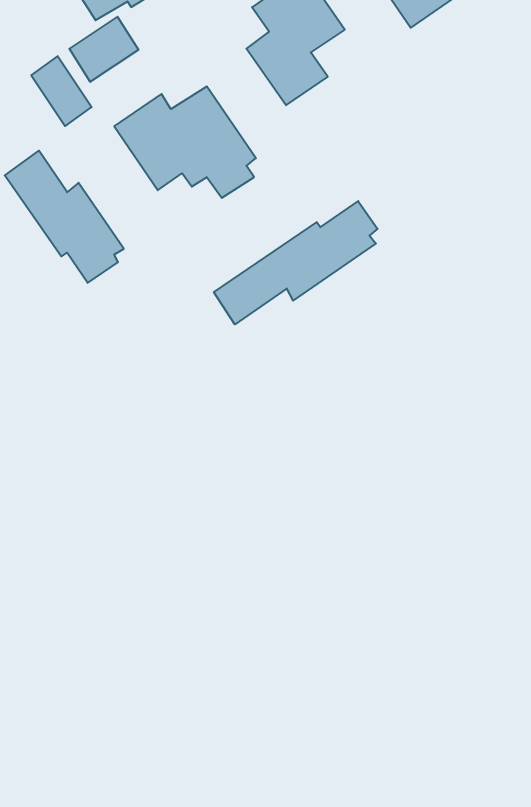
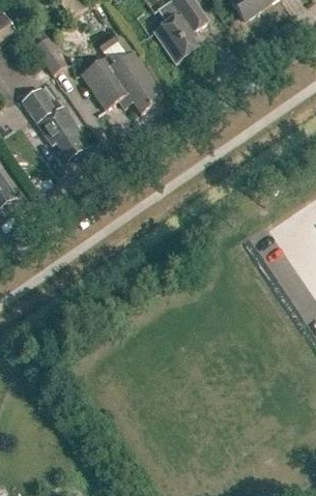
building: [69,17,138,82] -> none
building: [214,201,378,324] -> none

